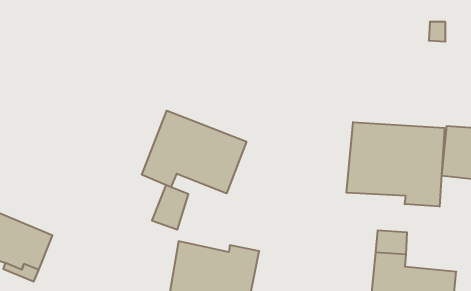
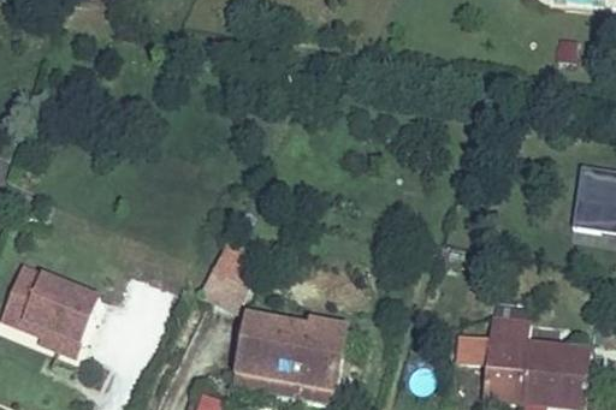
building: [142,111,246,193] -> none
building: [347,122,445,207] -> none

